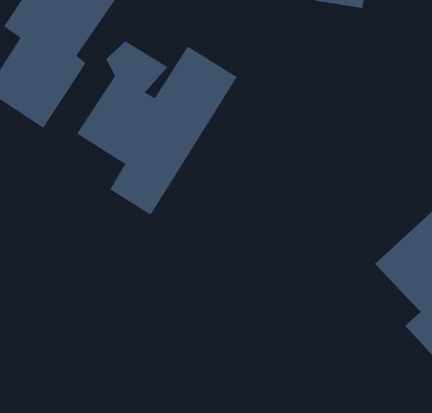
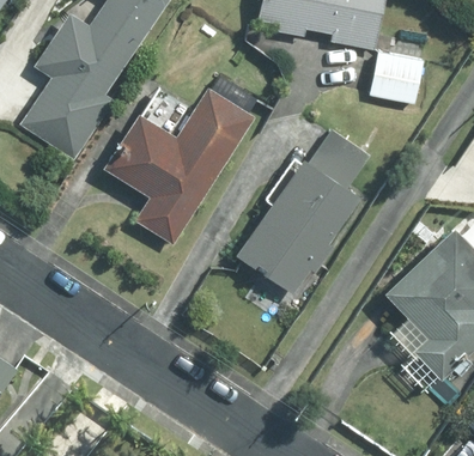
building: none -> [367,51,424,104]
building: none -> [236,129,370,294]

